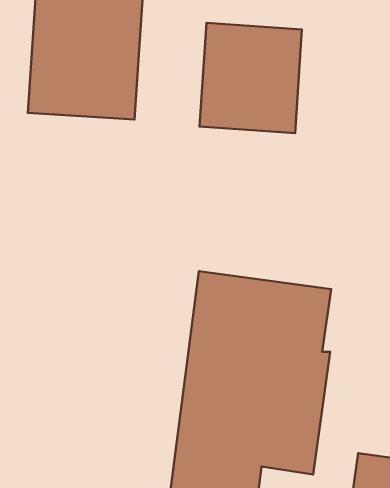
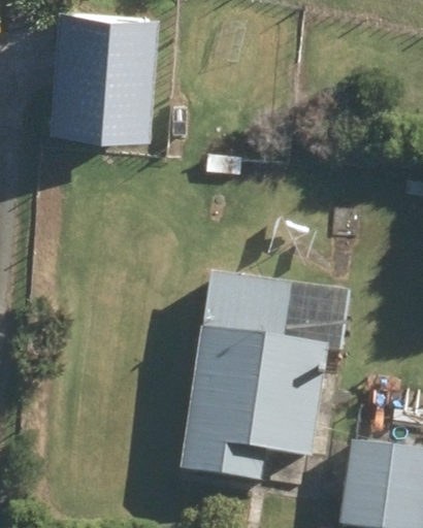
building: [200,23,302,133] -> none

